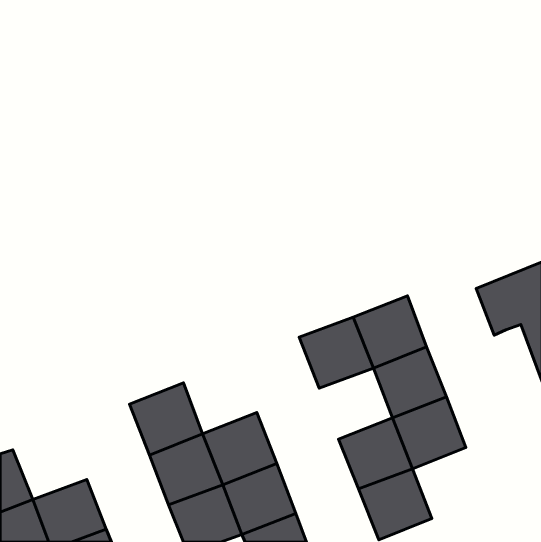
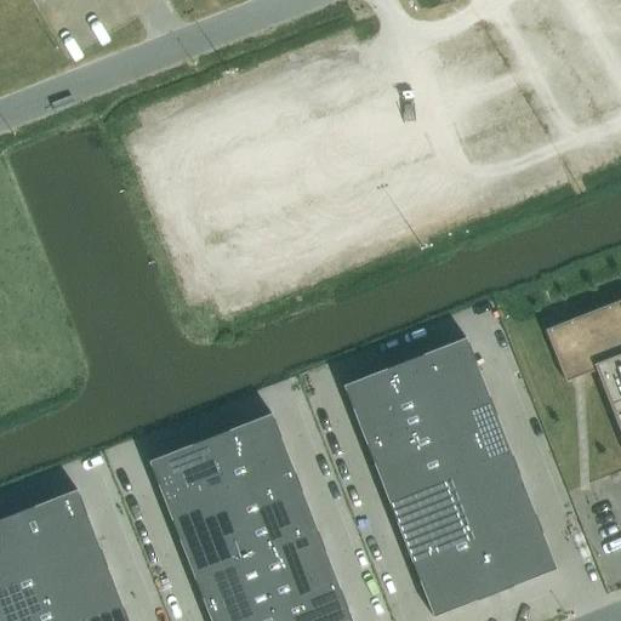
building: none -> [211,414,295,496]
building: none -> [366,421,450,502]
building: none -> [16,490,101,571]
building: none -> [473,512,557,593]

